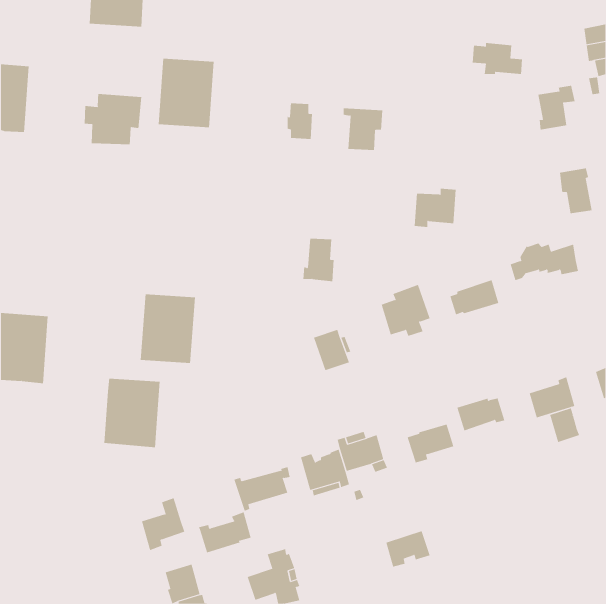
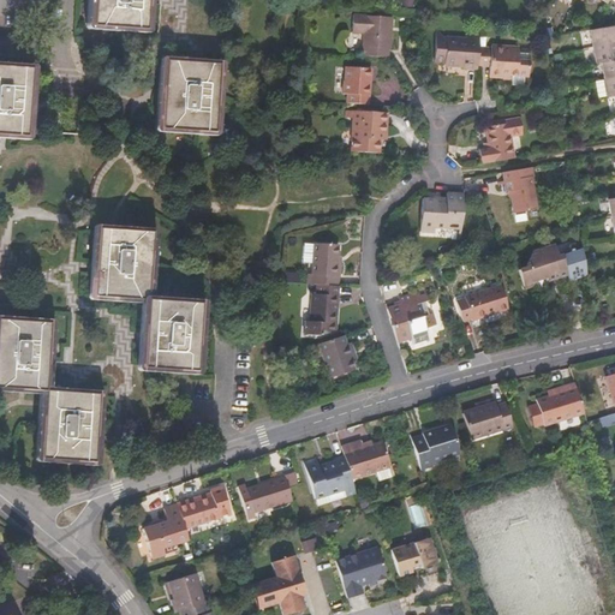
building: none -> [353,13,392,56]
building: none -> [435,32,480,68]
building: [538,85,576,130] -> [484,117,523,162]
building: [84,93,142,145] -> none
building: [287,103,313,139] -> [344,66,370,103]
building: [559,168,592,214] -> [503,166,537,213]
building: none -> [94,226,151,298]
building: none -> [304,283,338,334]
building: [104,378,161,448] -> [40,389,97,460]
building: [549,407,580,443] -> none
building: [198,512,251,553] -> [175,486,229,529]
building: none -> [334,547,386,598]

